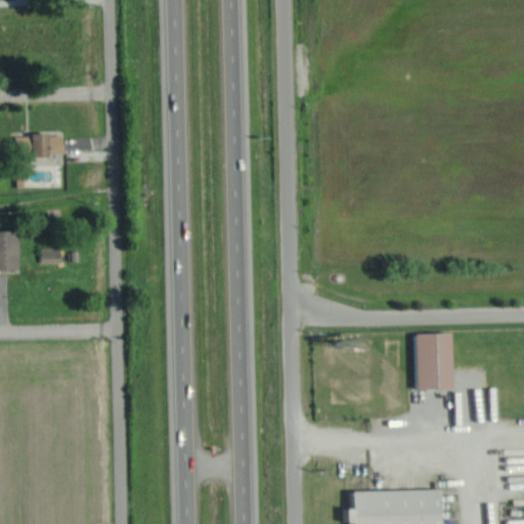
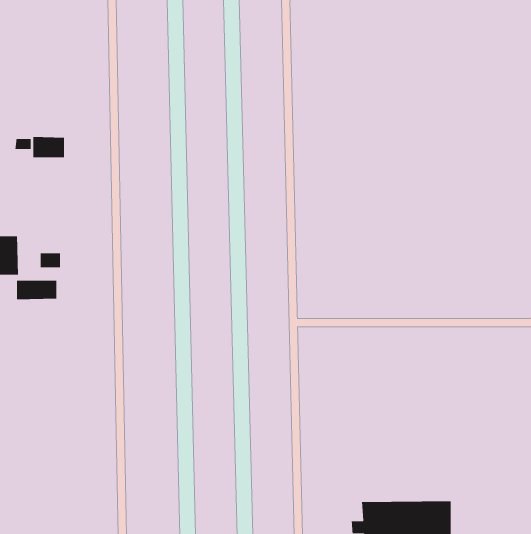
building: none -> [16,280,57,300]
building: [413,333,453,390] -> none

